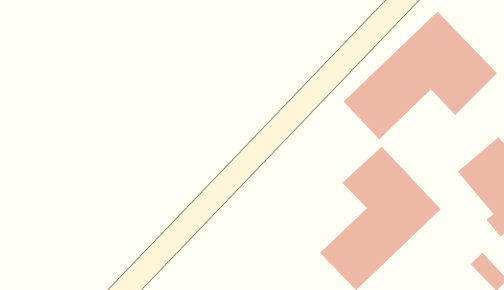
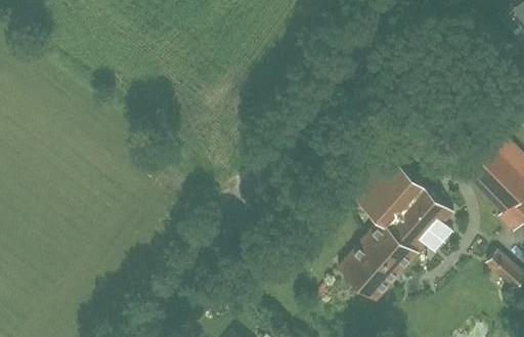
building: [343,11,498,140] -> none

